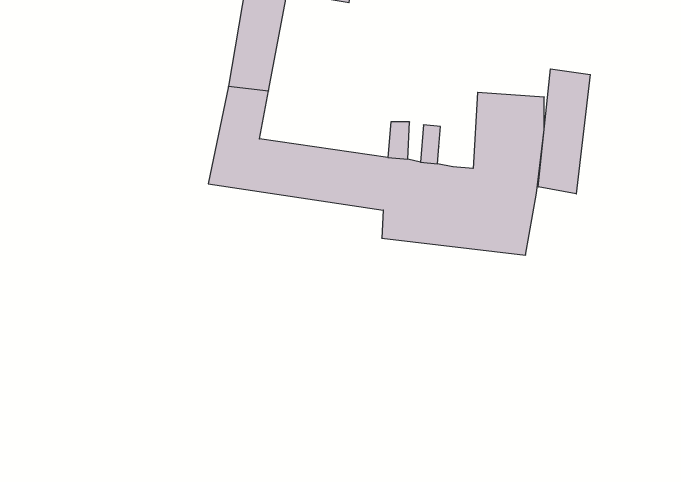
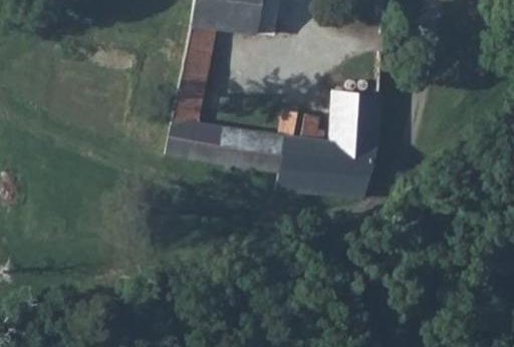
building: [538,69,590,194] -> none

